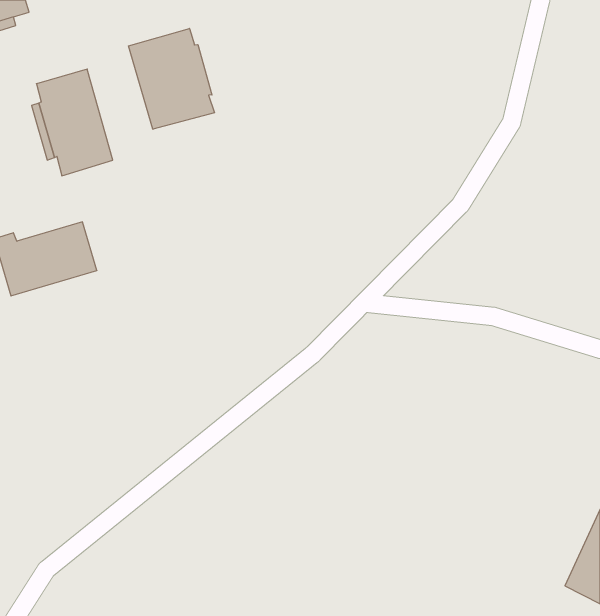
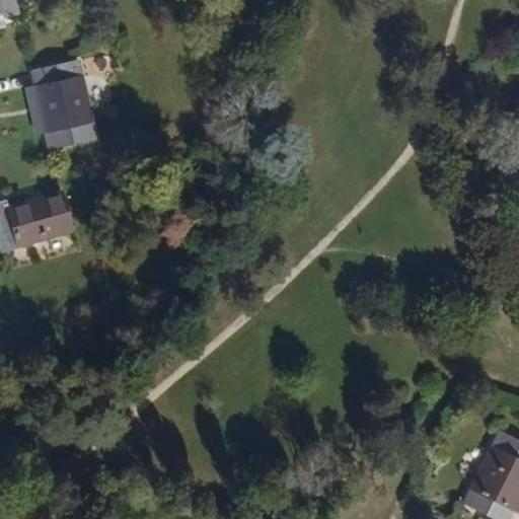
building: [128,28,214,129] -> none

